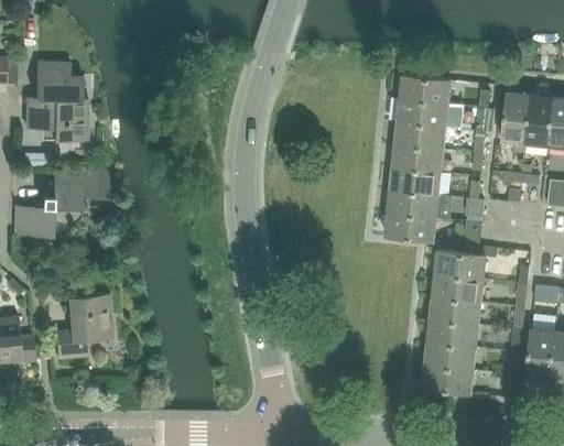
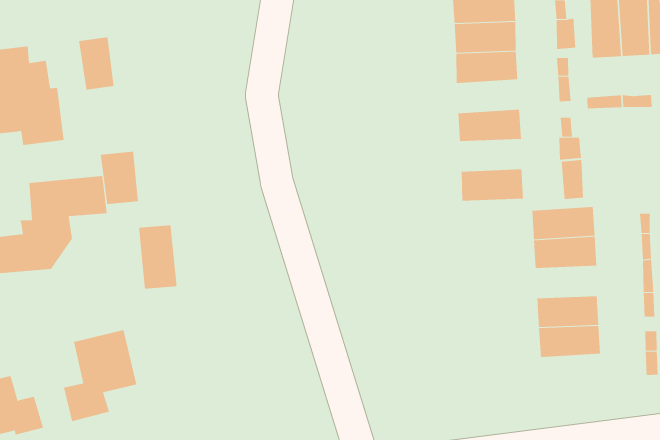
building: none -> [78,37,114,90]
building: [392,144,443,172] -> none
building: none -> [100,151,138,205]
building: [388,189,438,218] -> none
building: none -> [138,225,177,289]
building: [431,296,481,325] -> none
building: [423,366,474,393] -> none

